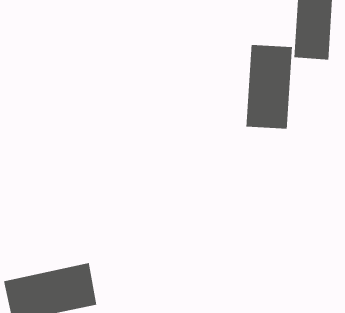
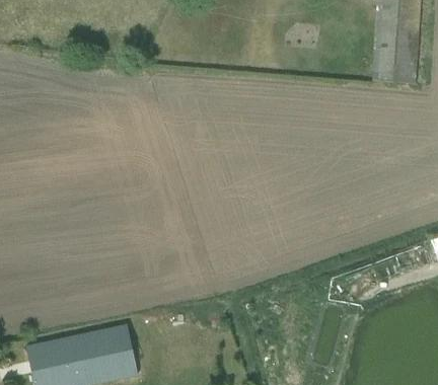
building: [246,44,292,130] -> none

